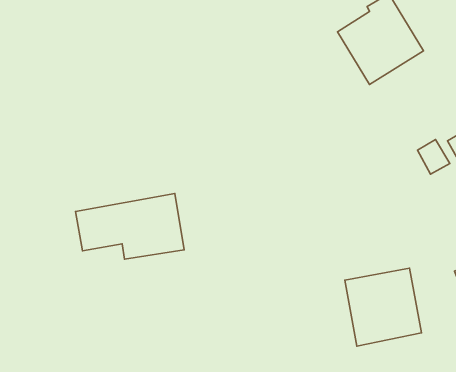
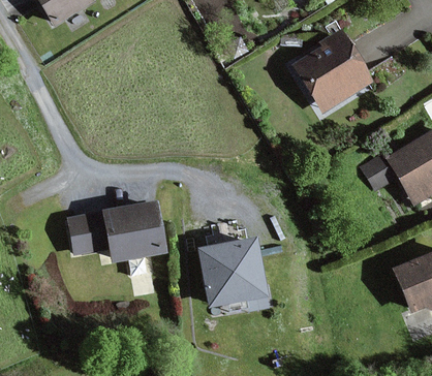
building: [345,268,421,346] -> [199,240,266,307]

